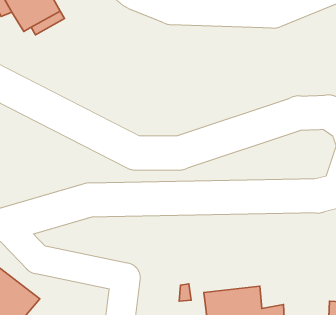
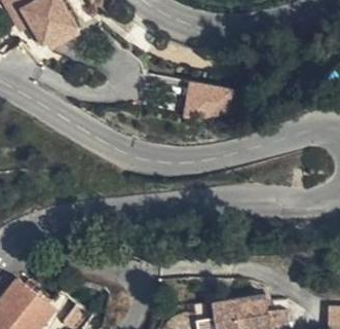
building: none -> [181,85,228,120]

